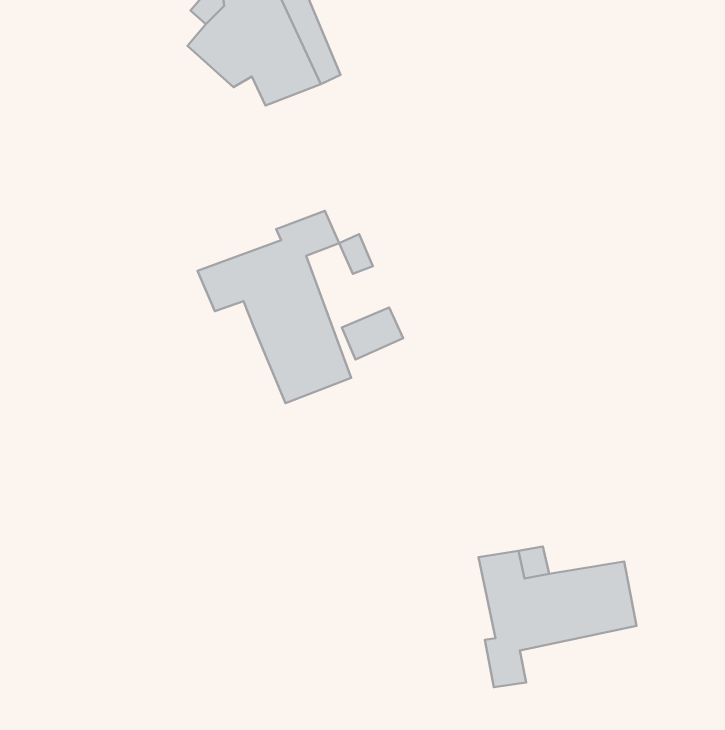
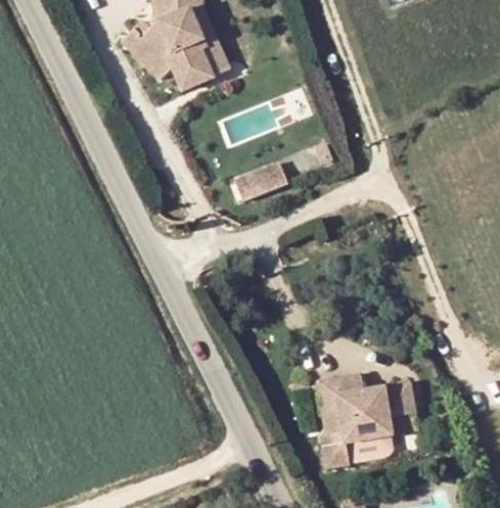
building: [198,211,351,403] -> none
building: [342,307,403,359] -> [244,161,285,196]

